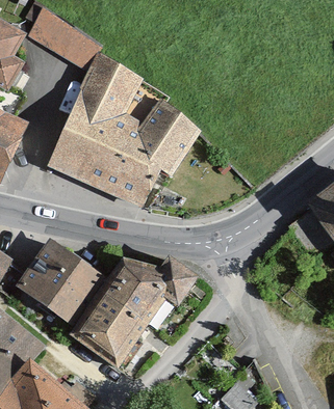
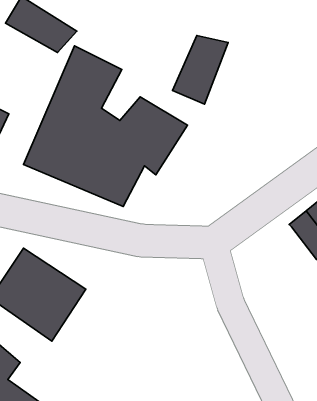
building: none -> [172,35,228,104]
building: [66,256,197,366] -> none

